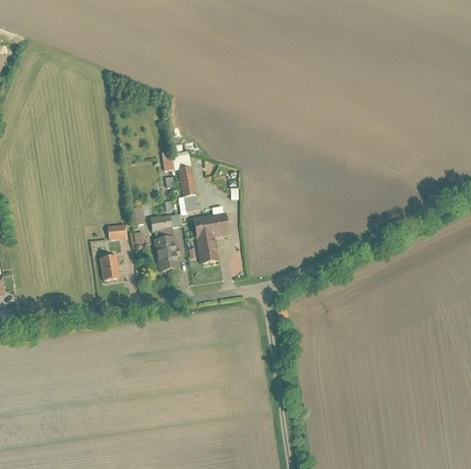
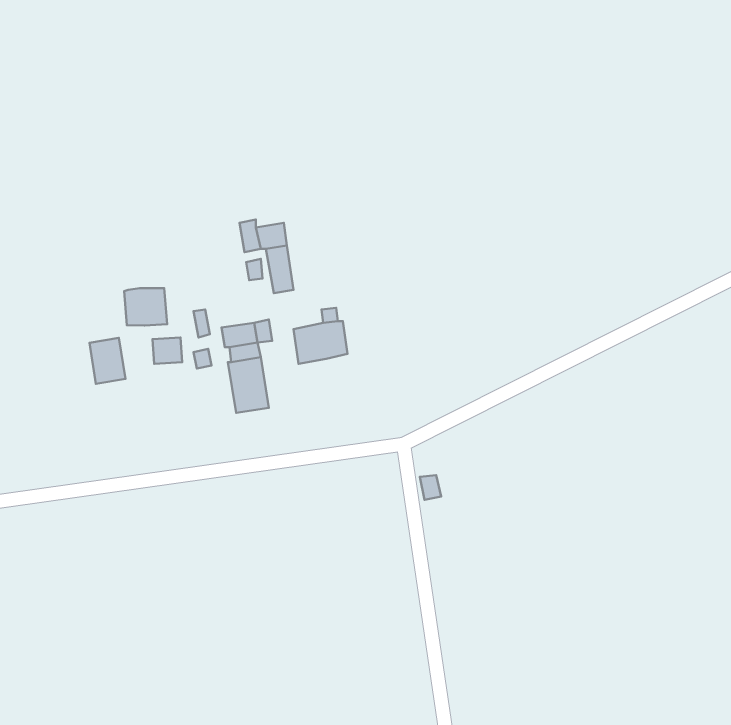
building: none -> [124,288,167,325]
building: [197,237,219,263] -> none
building: [99,254,121,283] -> [89,338,125,384]

